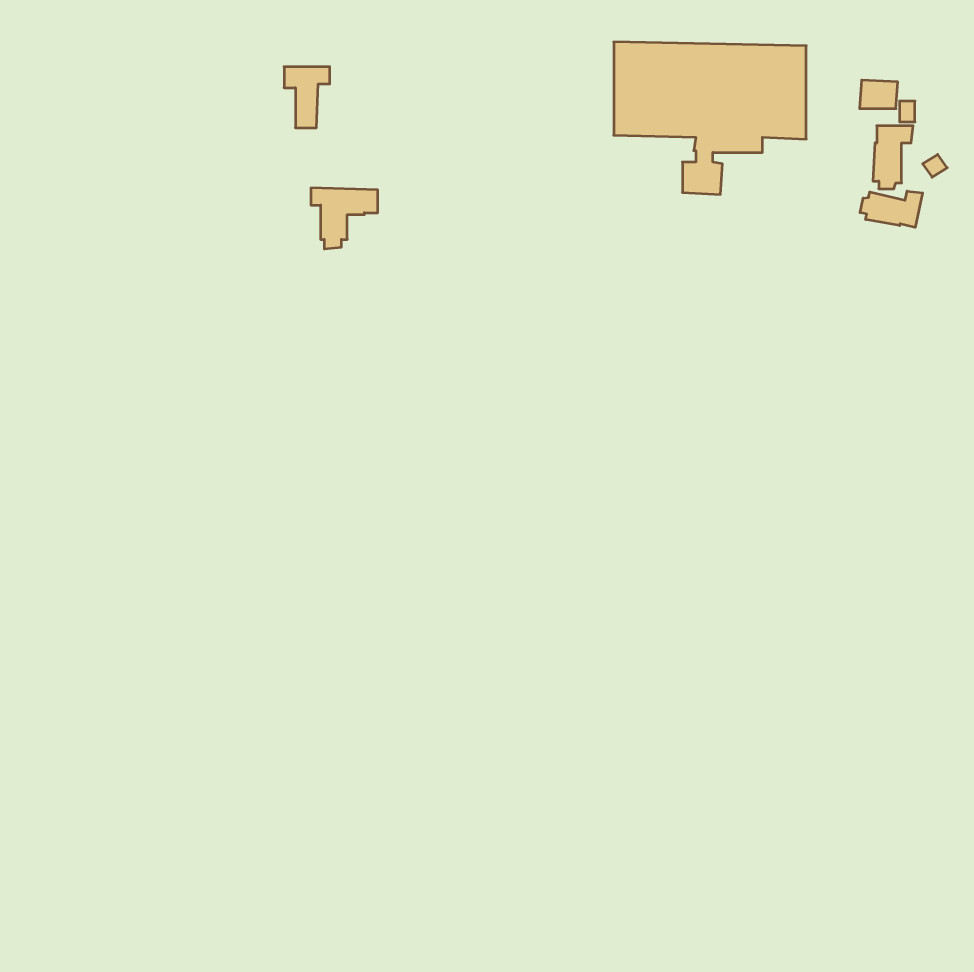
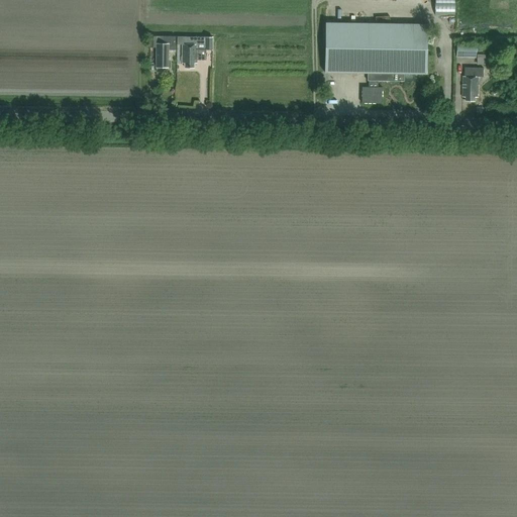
building: [311,188,378,249] -> [178,35,213,68]
building: [860,191,923,227] -> none

